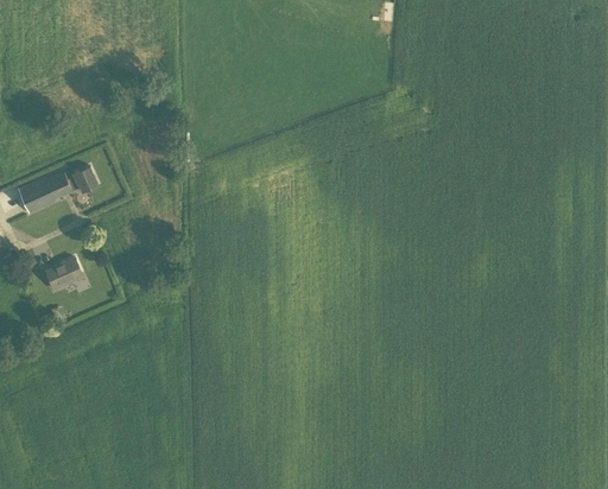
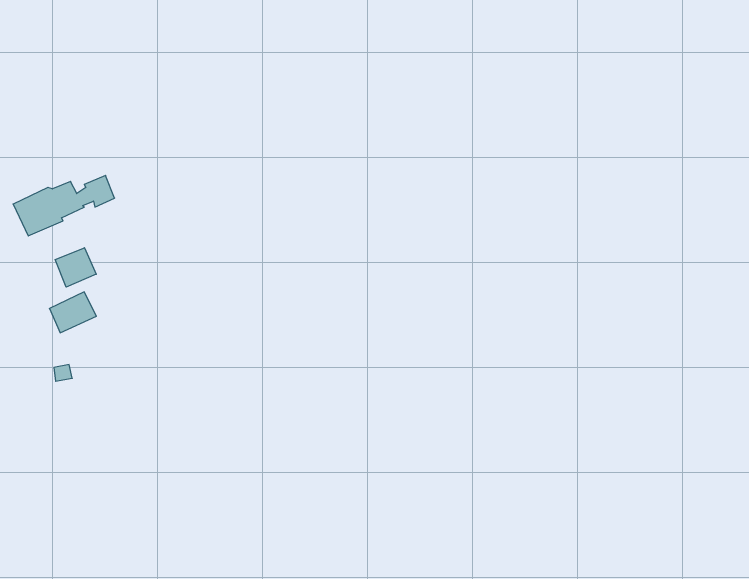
building: none -> [55,248,96,287]

